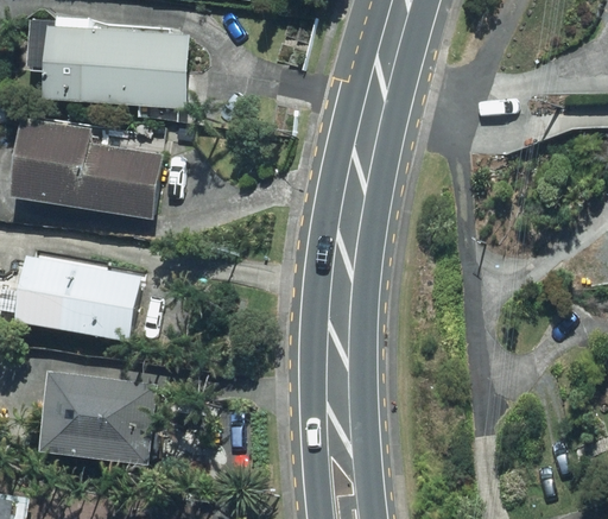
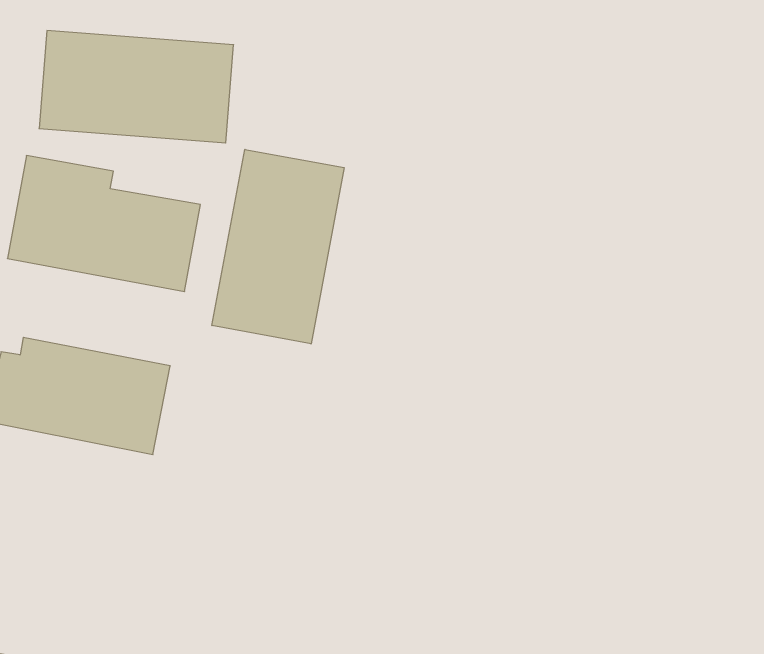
building: none -> [212,149,344,344]
building: [50,361,163,457] -> none

